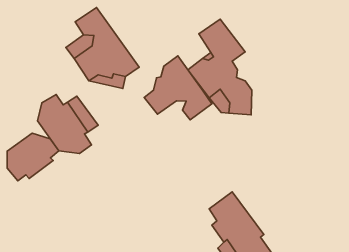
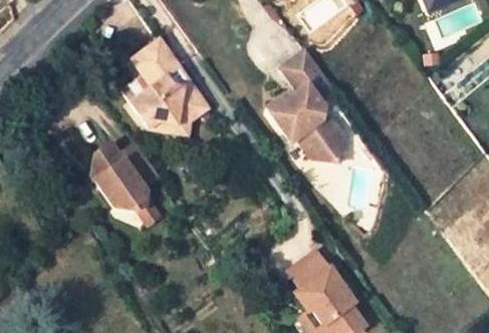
building: [144,56,212,120] -> none
building: [7,133,59,181] -> none

